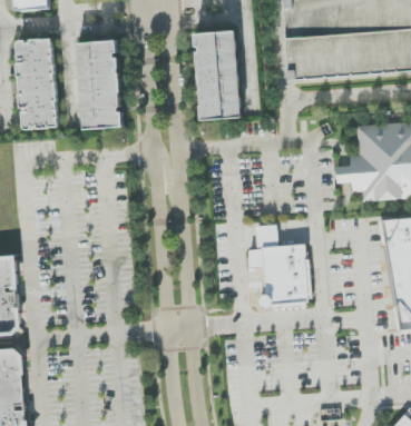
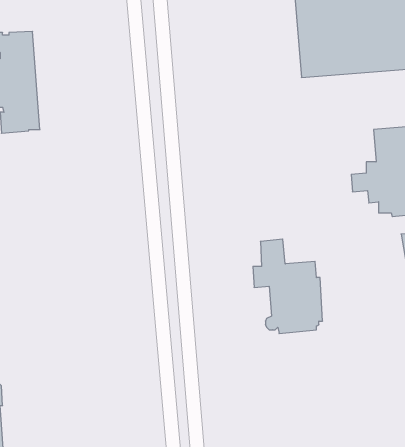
building: [194,30,239,119] -> none
building: [76,39,121,128] -> none

